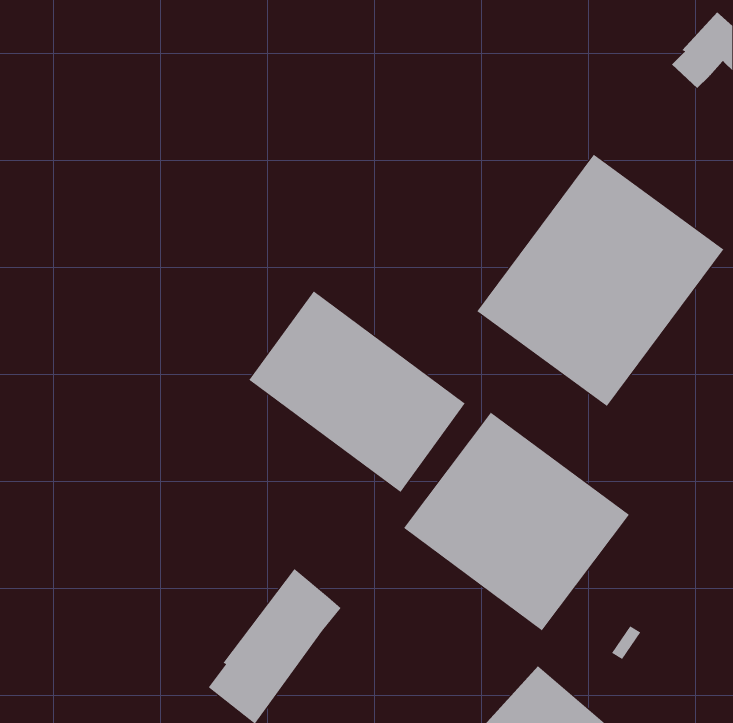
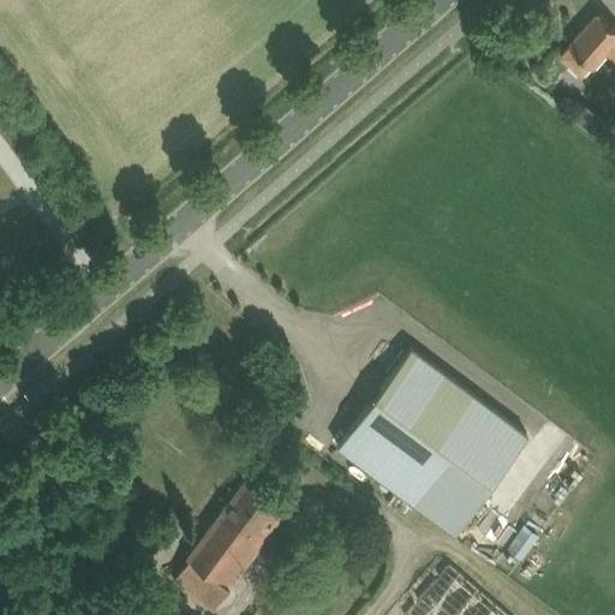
building: [477,154,724,407] -> none
building: [249,290,466,493] -> none

